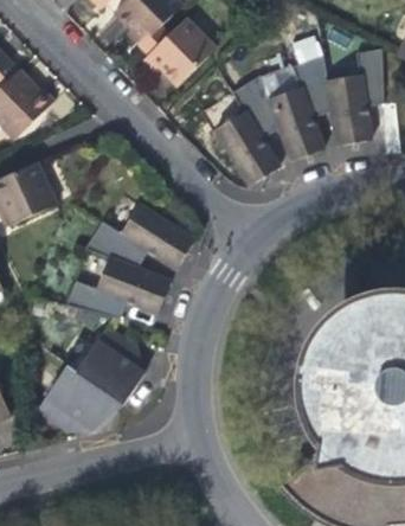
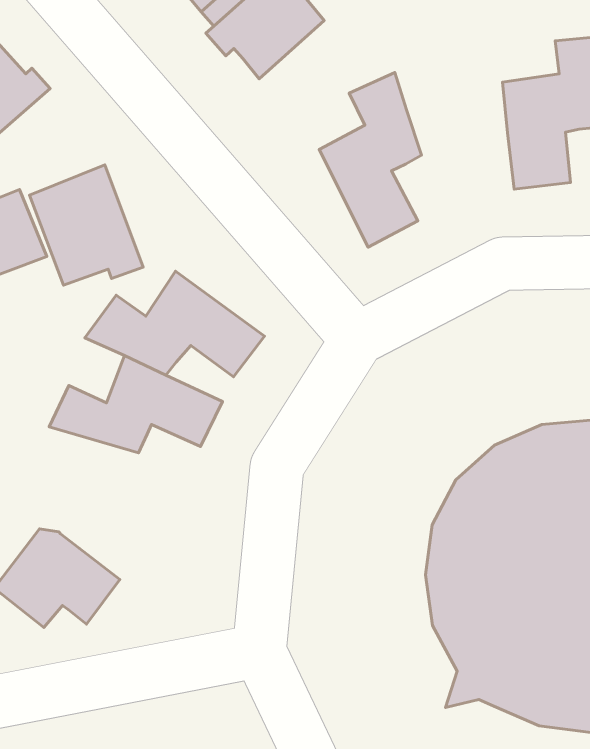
building: [270,57,333,162] -> none
building: none -> [30,165,143,285]
building: [72,331,140,405] -> none

